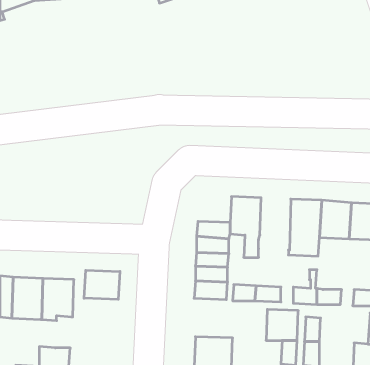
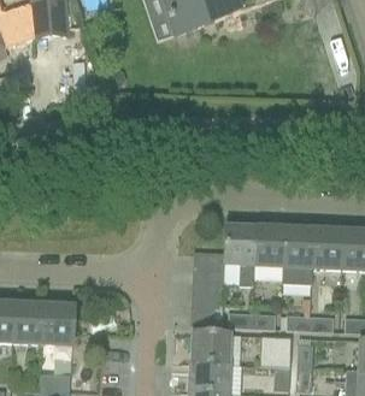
building: none -> [253,227,284,278]
building: [84,270,120,299] -> none
building: none -> [192,332,229,364]

